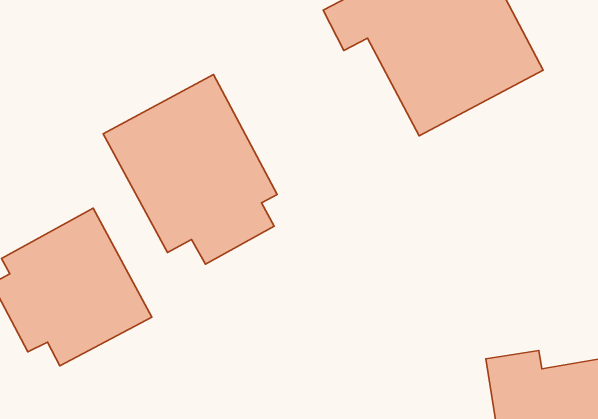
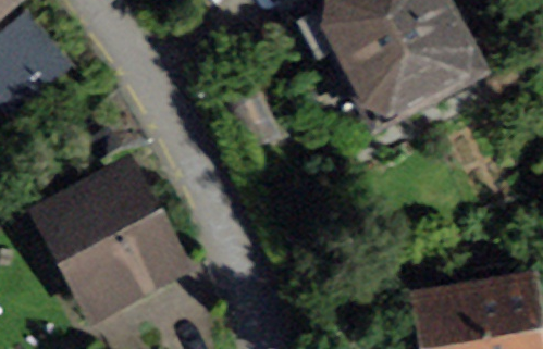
building: [103,74,277,264] -> none

